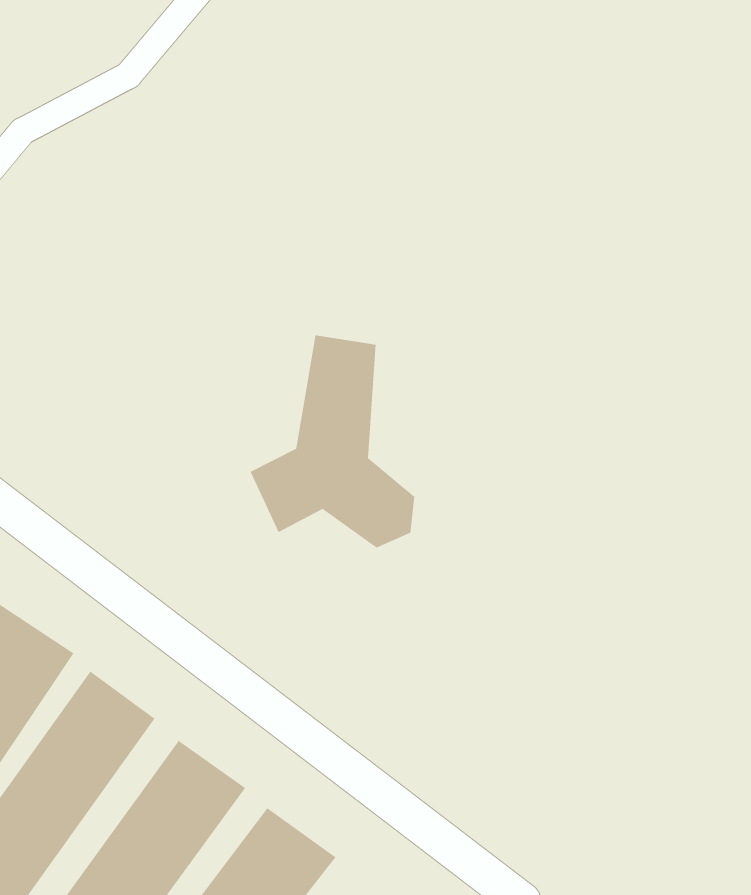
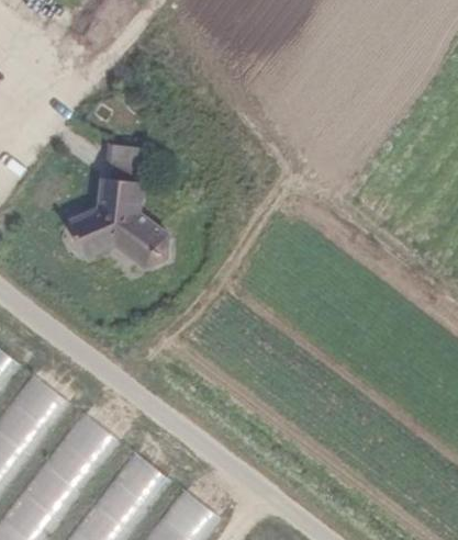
building: [249,335,415,548] -> [72,146,167,268]

